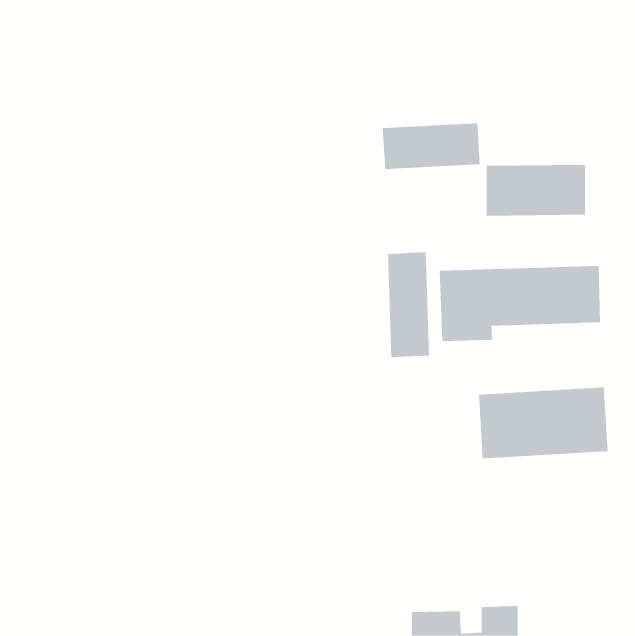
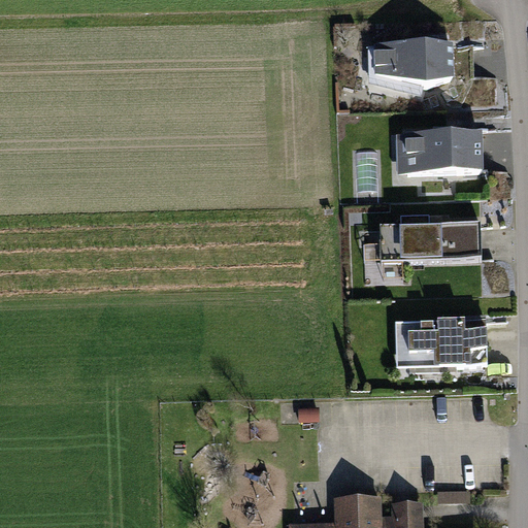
building: [382,123,481,169] -> [372,45,453,84]
building: [387,252,429,358] -> none

